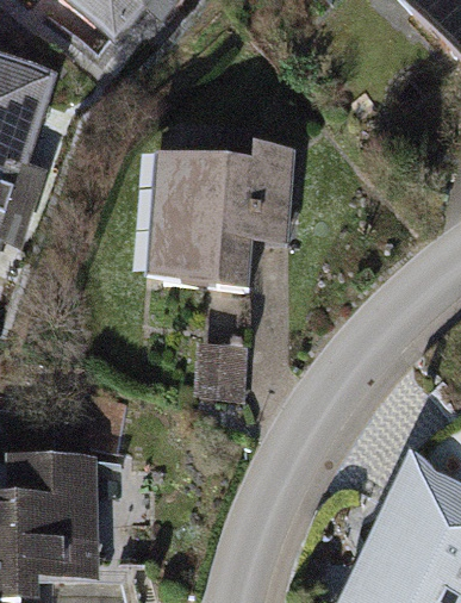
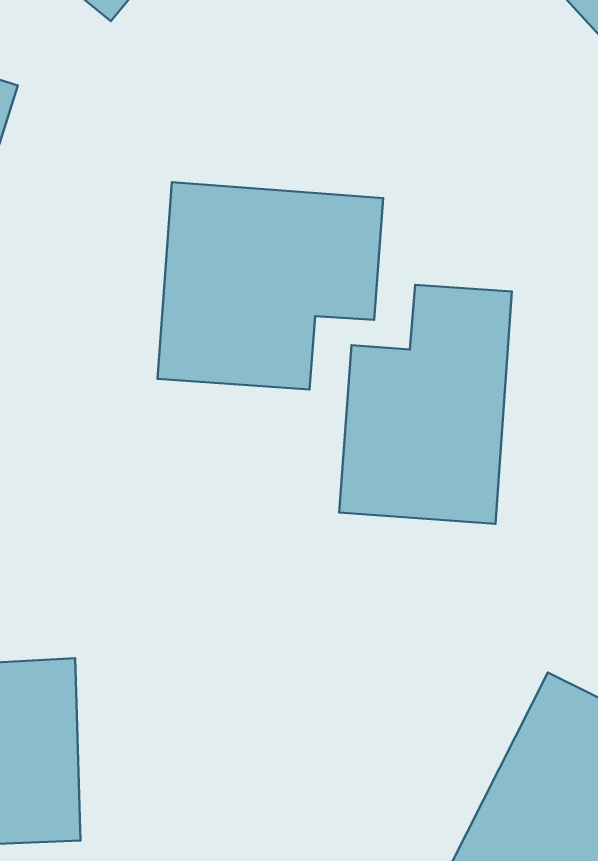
building: none -> [339,285,512,524]

